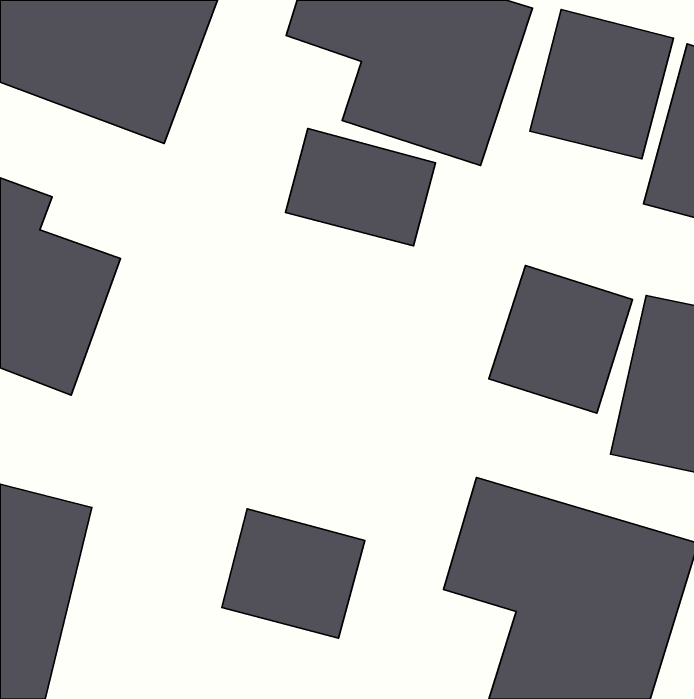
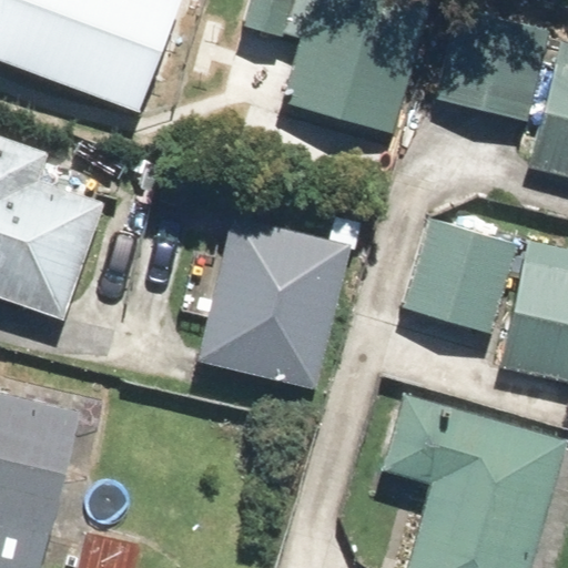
building: [285,128,435,246] -> none
building: none -> [190,192,358,392]
building: [222,509,365,638] -> none

